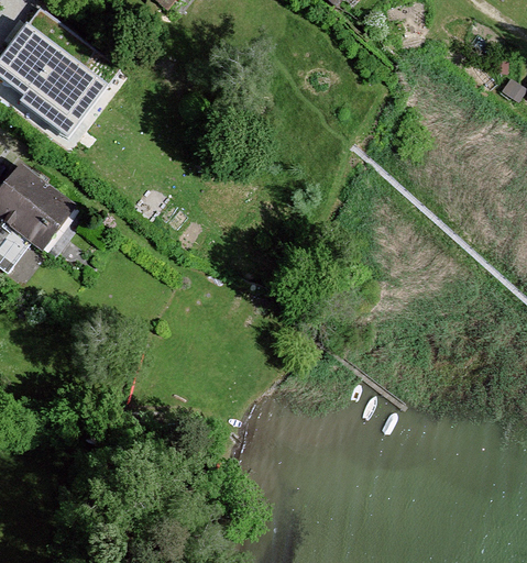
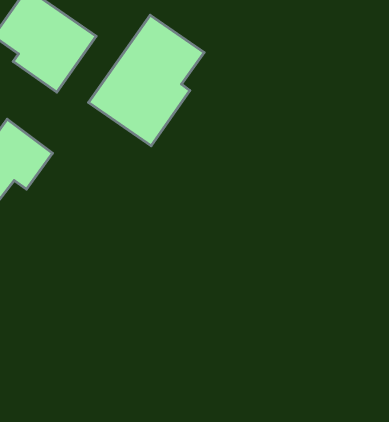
building: none -> [89,15,204,146]

